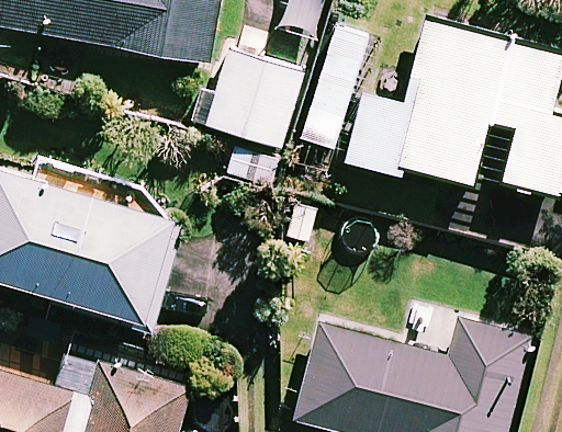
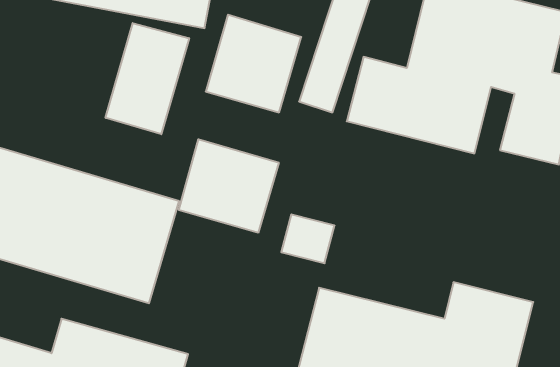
building: none -> [106,23,189,134]
building: none -> [179,139,279,233]

